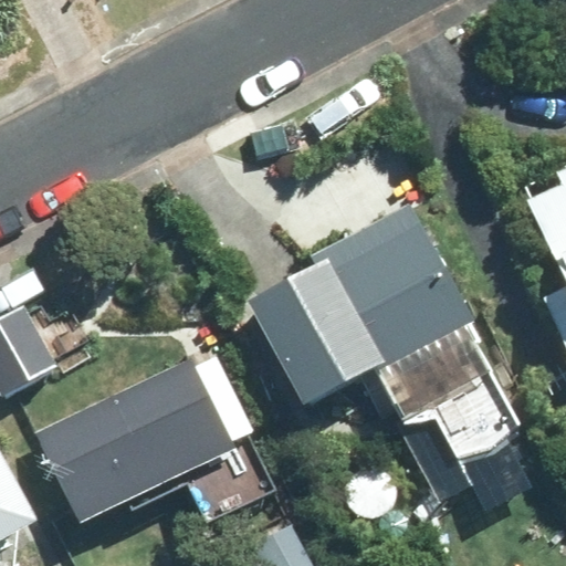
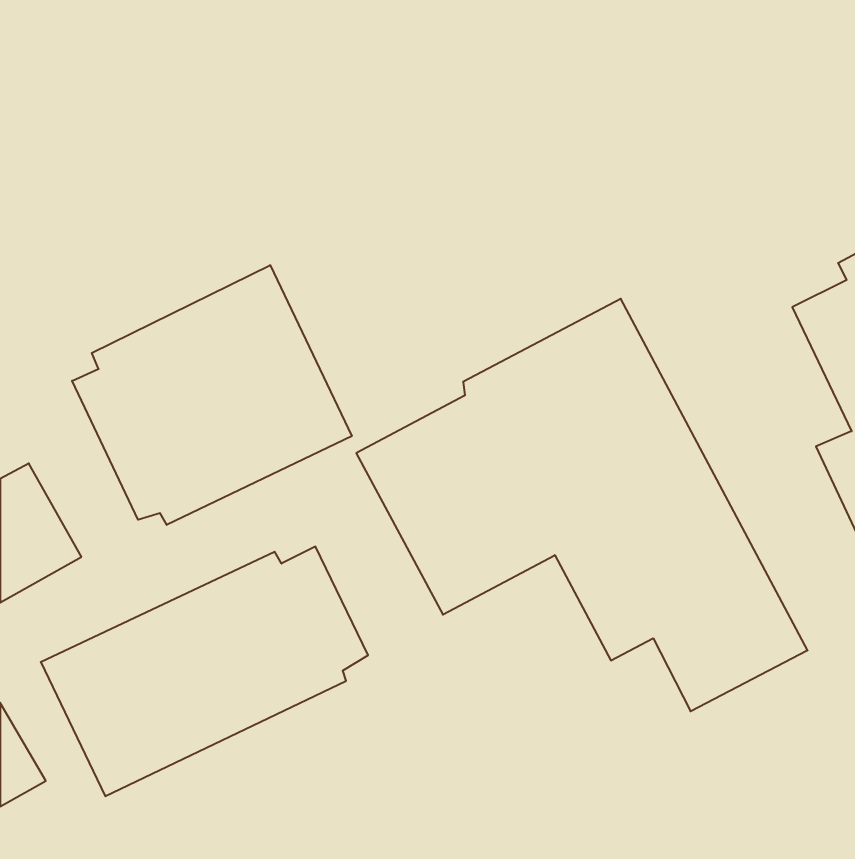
building: none -> [72,265,352,525]

